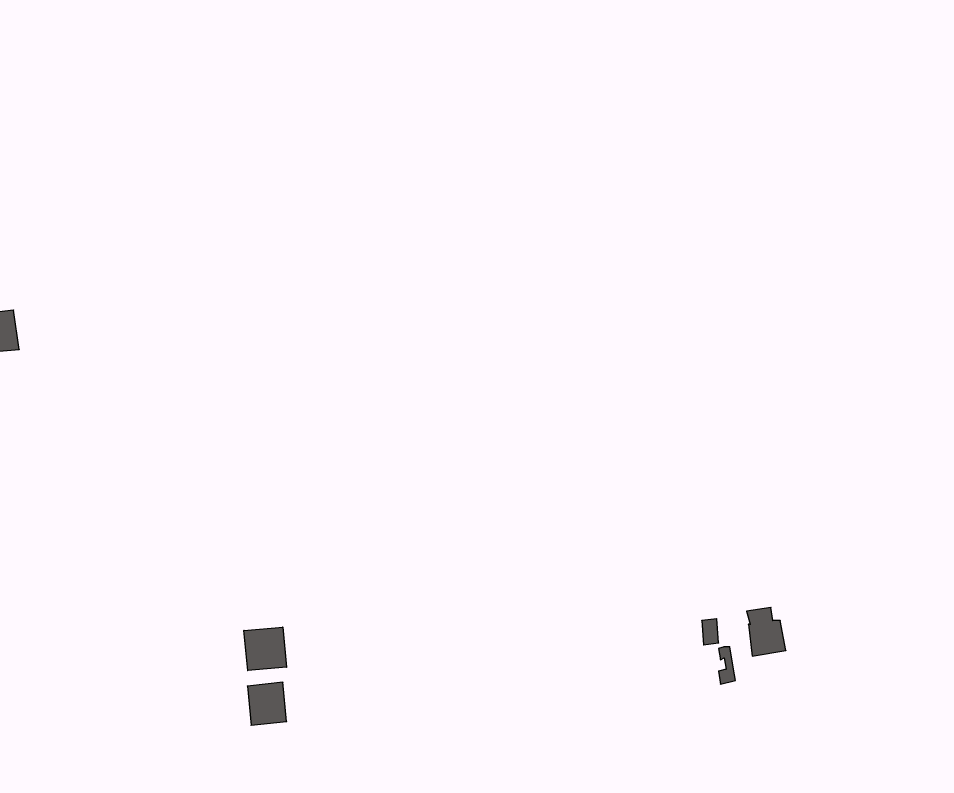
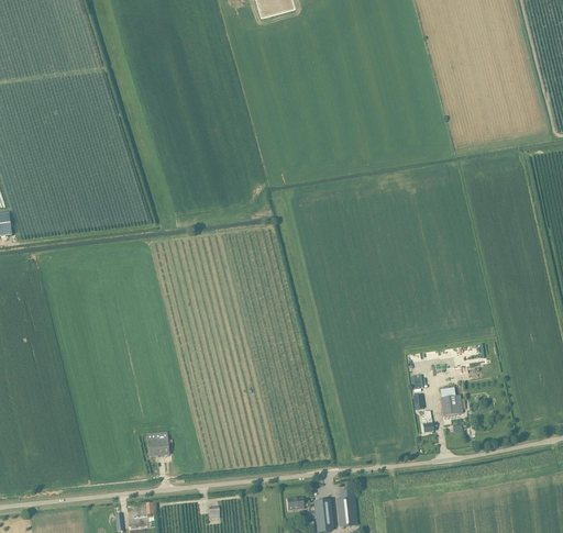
building: [244,627,287,671] -> none

